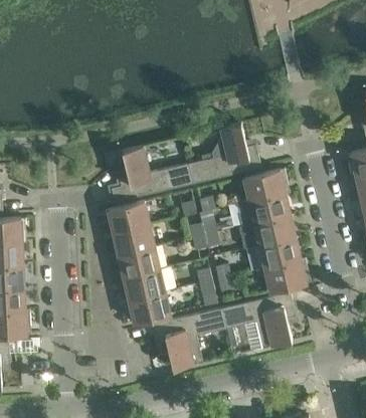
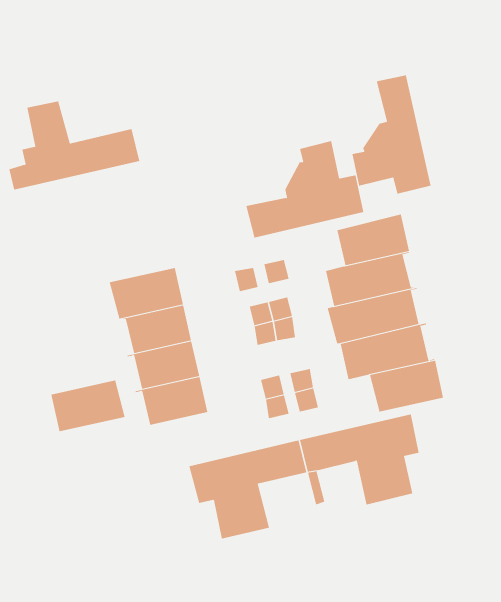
building: none -> [352,75,431,194]
building: [112,147,193,202] -> [9,101,140,190]
building: [125,291,171,324] -> [51,380,125,432]

